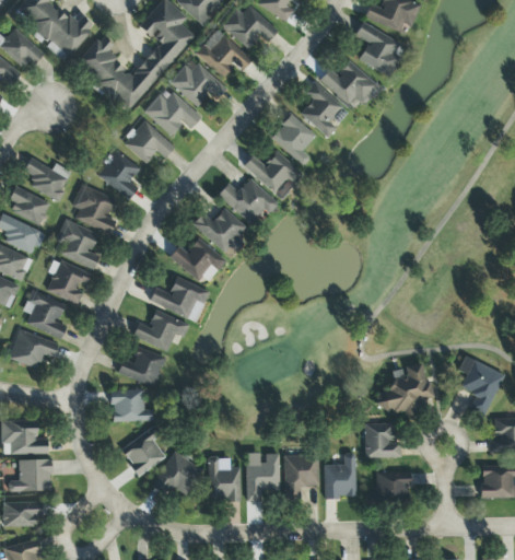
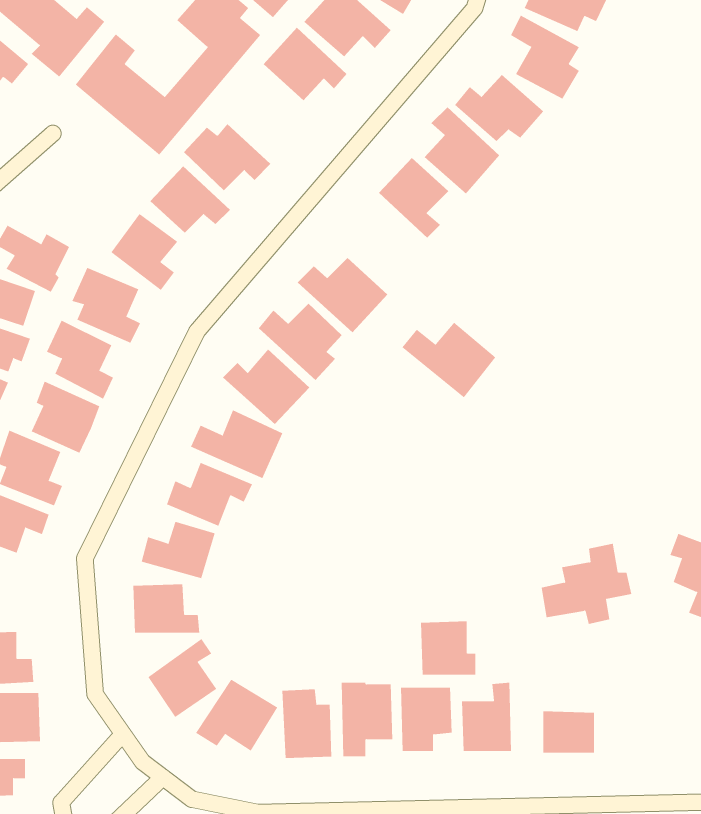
building: [169,62,227,105] -> none
building: [243,150,304,199] -> [401,322,496,398]
building: [364,422,400,457] -> [420,621,476,675]

